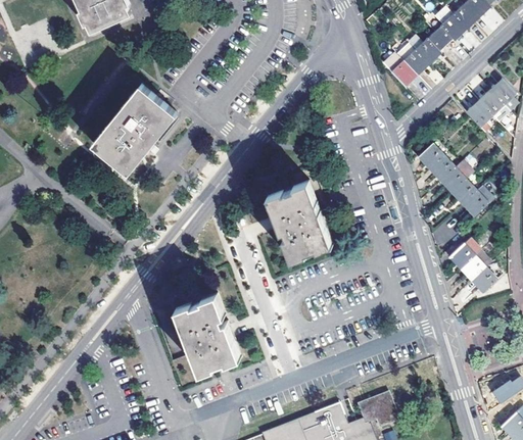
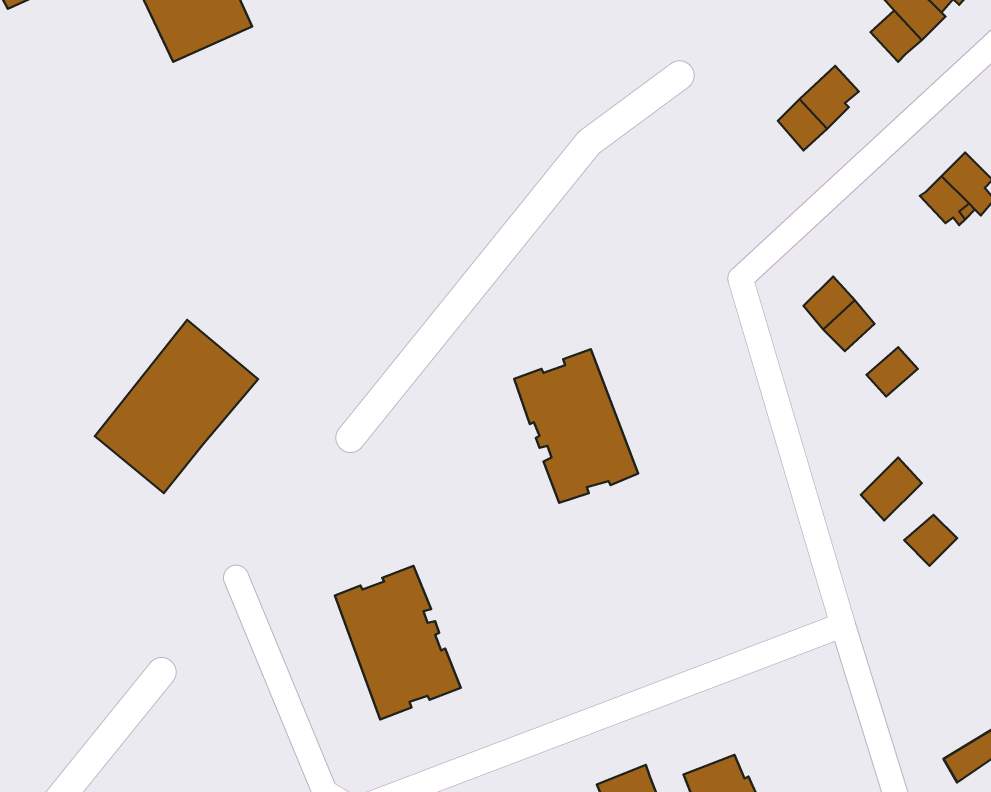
building: [434,10,467,48] -> none
building: [386,57,418,90] -> none
building: [93,84,178,174] -> [95,320,258,493]
building: [466,102,491,134] -> none
building: [439,161,474,195] -> none
building: [461,188,493,219] -> none
building: [460,251,490,281] -> none

